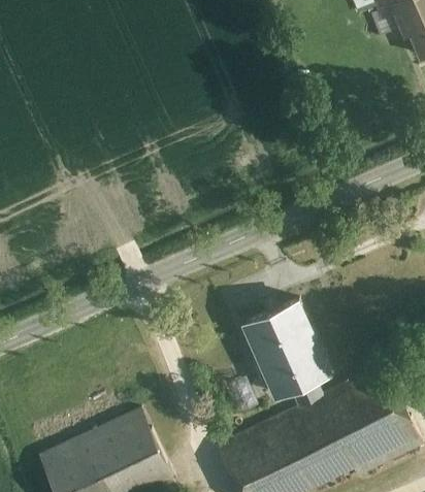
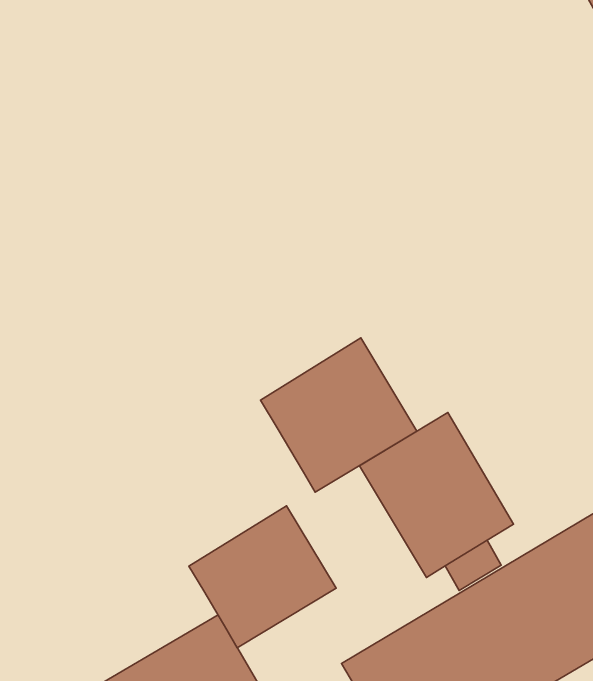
building: none -> [261,338,417,492]
building: none -> [189,506,336,648]

